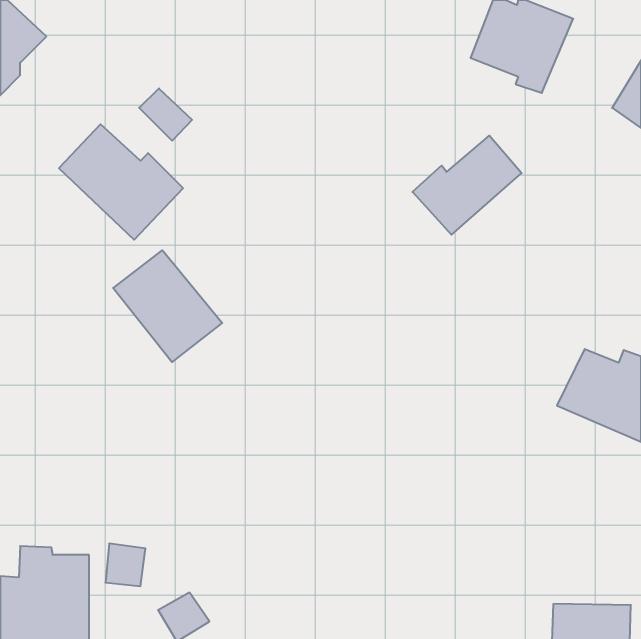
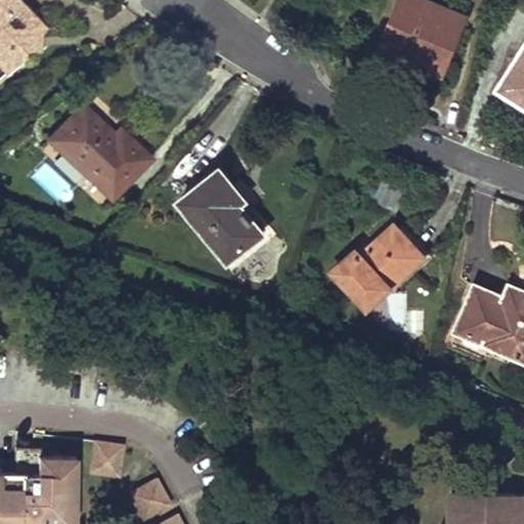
building: [139,88,192,141] -> none
building: [412,136,522,235] -> [336,226,425,307]
building: [113,250,222,362] -> [181,170,270,261]

